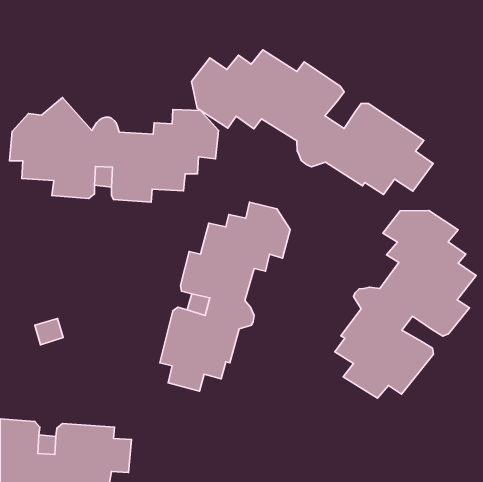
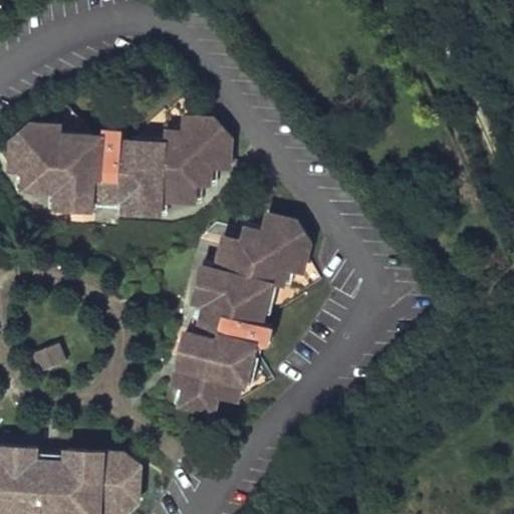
building: [191,50,433,194] -> none
building: [335,211,476,398] -> none

